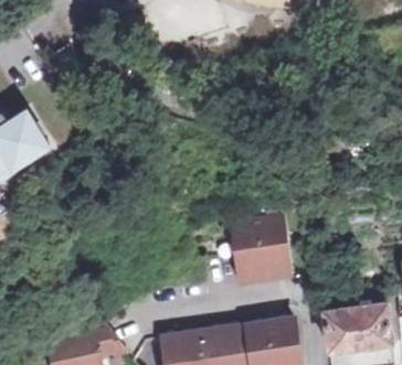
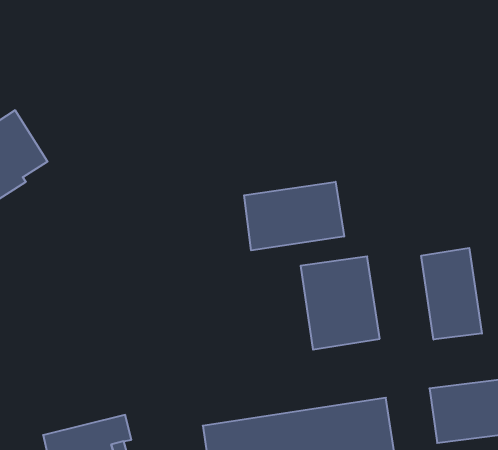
building: none -> [244,182,344,250]
building: none -> [421,248,482,340]

